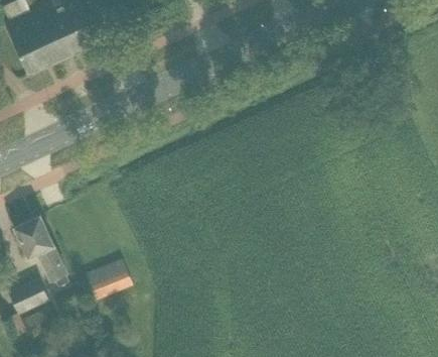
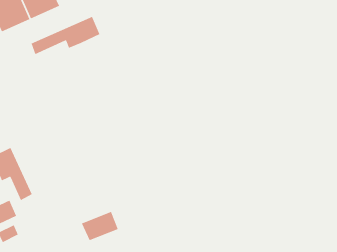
building: none -> [31,16,101,55]
building: [86,263,132,301] -> [81,211,119,241]

